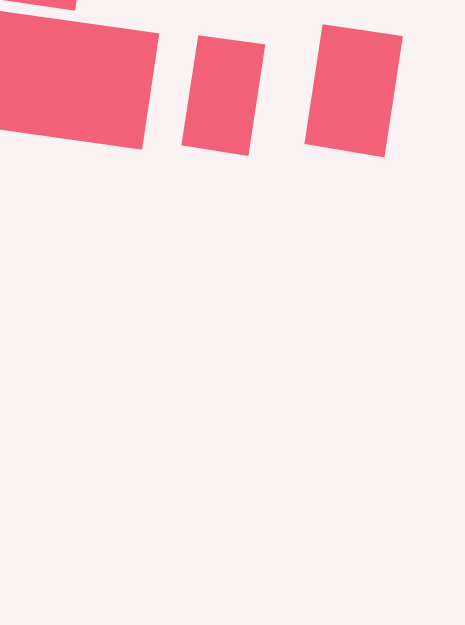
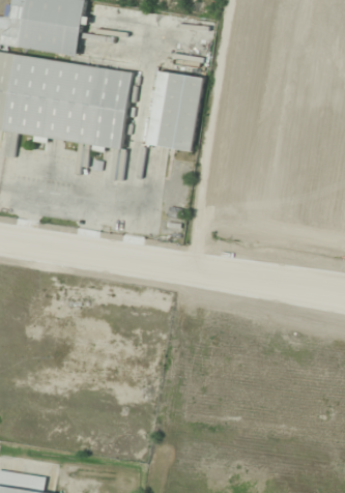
building: [304,23,403,158] -> none

